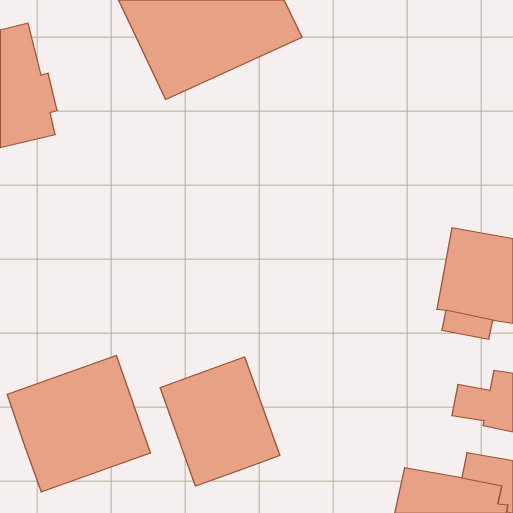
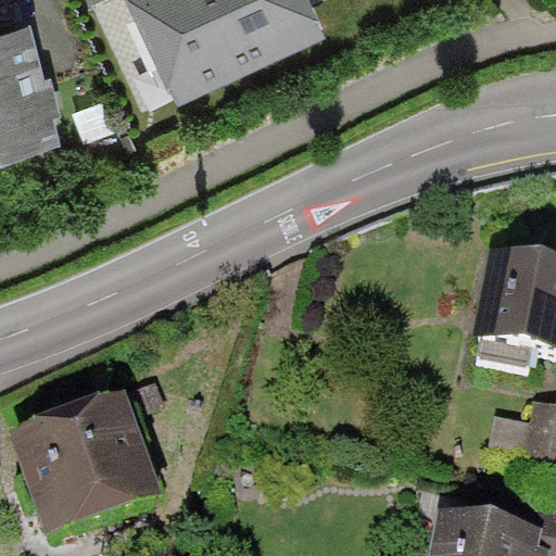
building: [160,357,280,486] -> none

